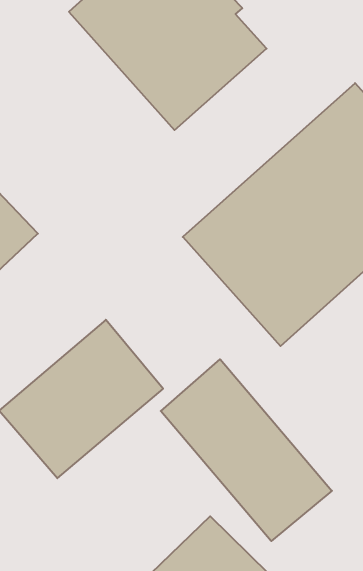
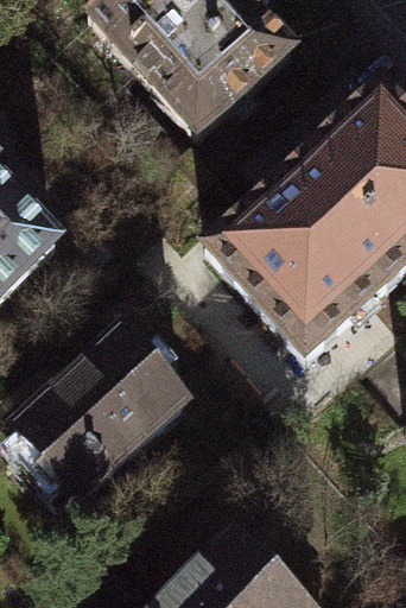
building: [161,359,332,541] -> none

